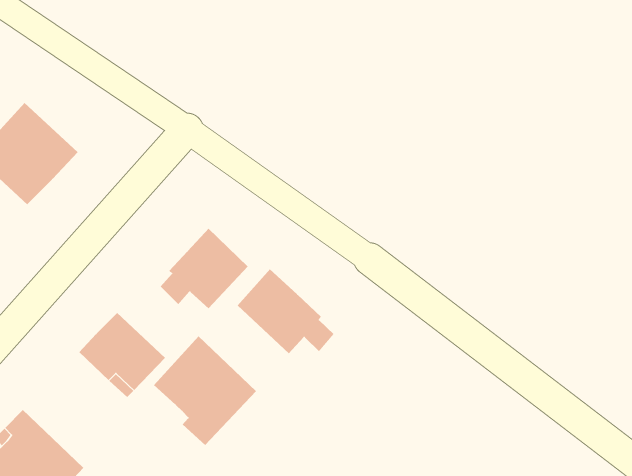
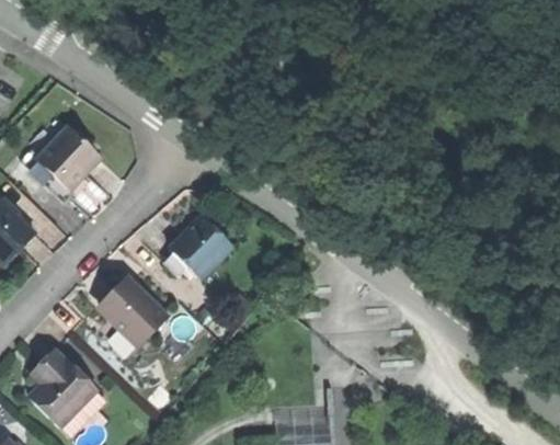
building: [237,268,335,354] -> none
building: [153,335,257,446] -> none

